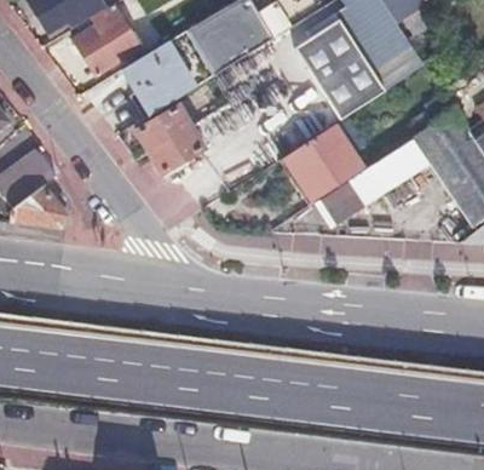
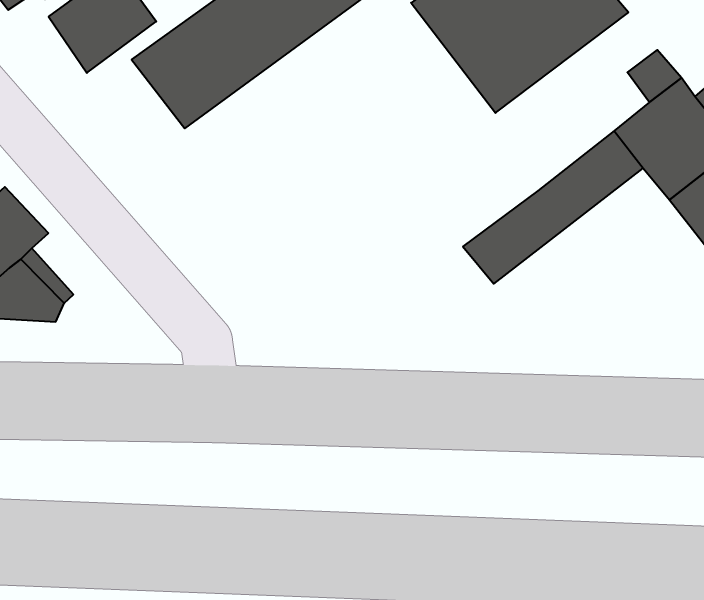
building: [134,104,201,172] -> none
building: [282,125,361,202] -> none

